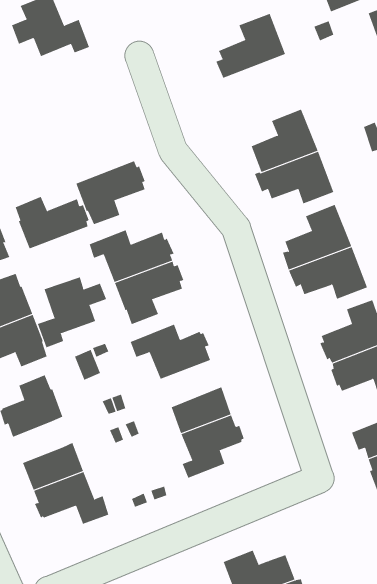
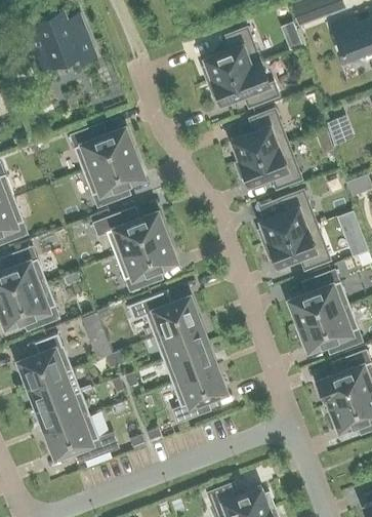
building: none -> [208,63,280,109]
building: [15,196,90,249] -> [71,127,134,172]
building: [37,276,107,348] -> none
building: none -> [155,322,207,362]
building: none -> [30,374,72,409]

